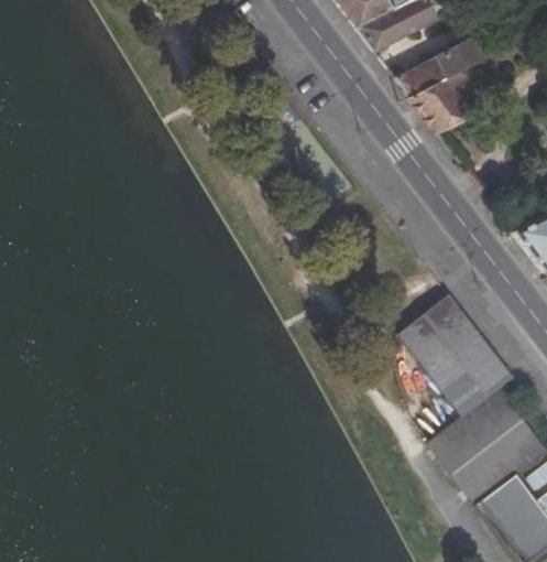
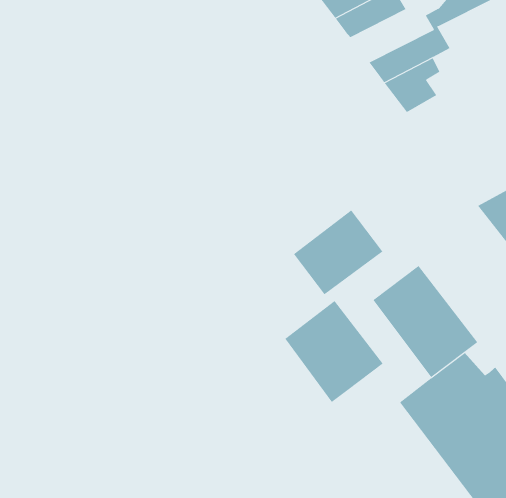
building: none -> [293,209,383,295]
building: none -> [284,300,383,403]

